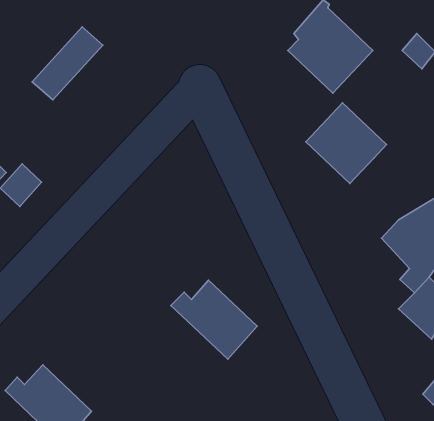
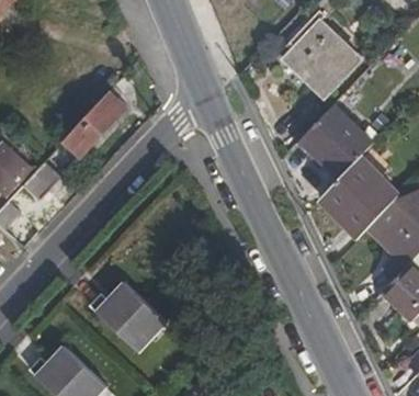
building: [32,27,103,100] -> [64,92,127,158]
building: none -> [318,157,400,240]
building: [171,280,257,359] -> [89,280,167,351]

